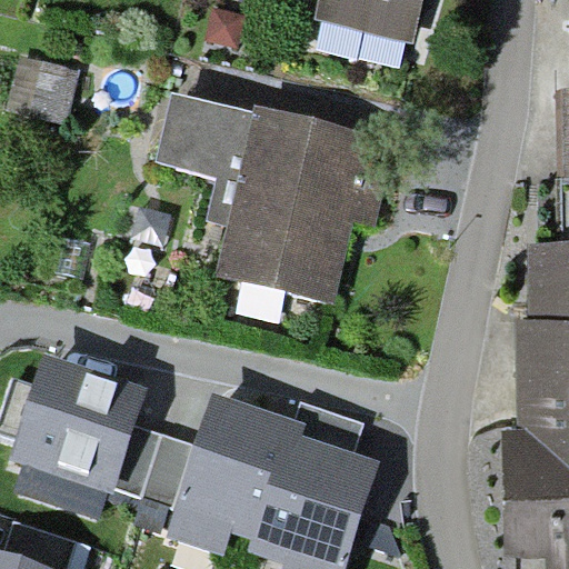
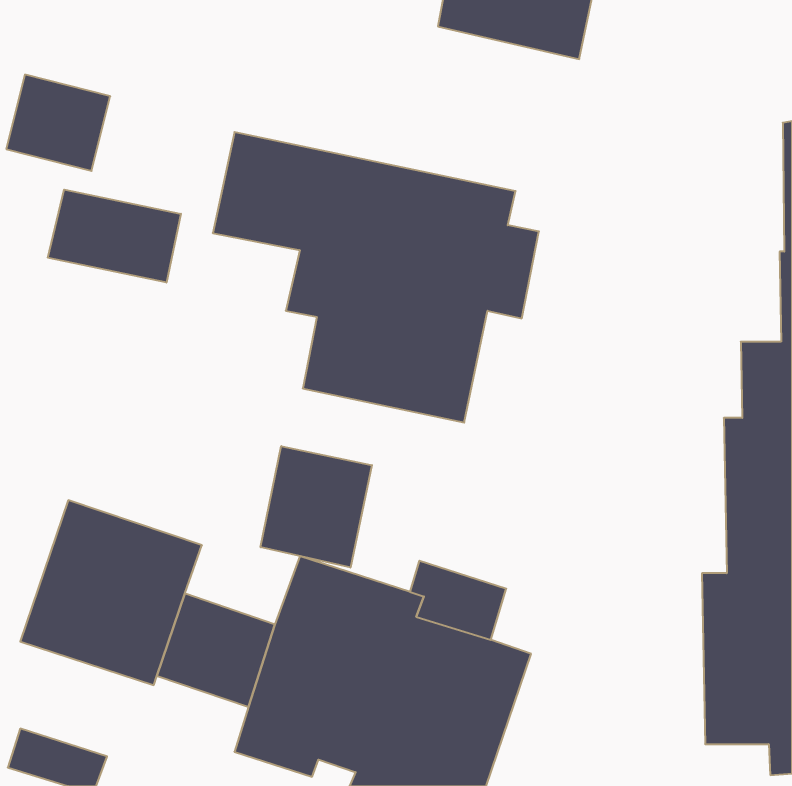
building: none -> [48,190,181,283]
building: none -> [261,446,372,568]

